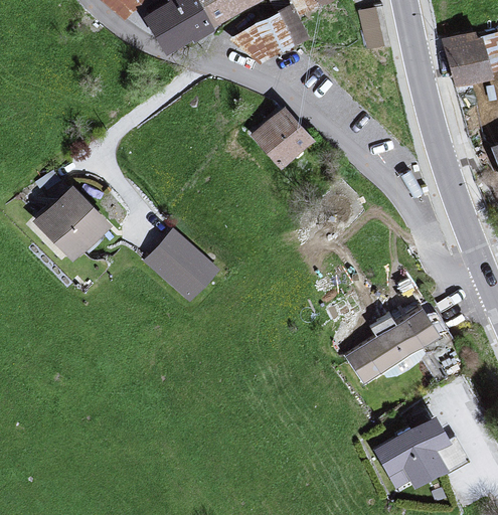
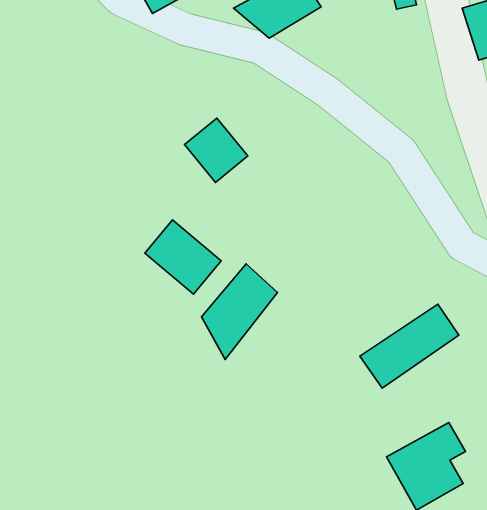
building: [257,109,314,167] -> [185,118,248,182]
building: [33,186,108,261] -> none
building: none -> [202,264,278,359]

